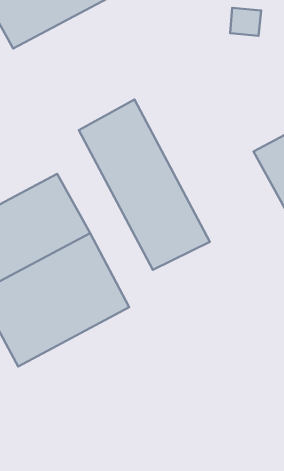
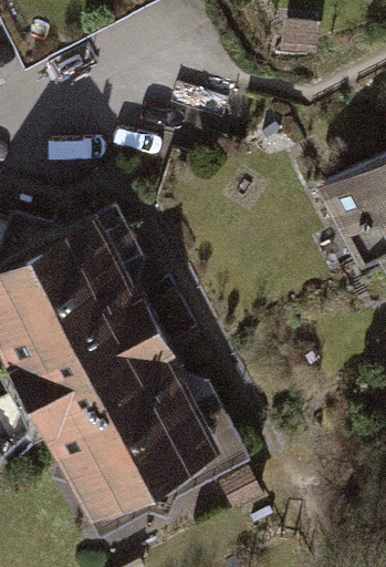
building: [79,99,210,270] -> none
building: none -> [50,370,218,515]

